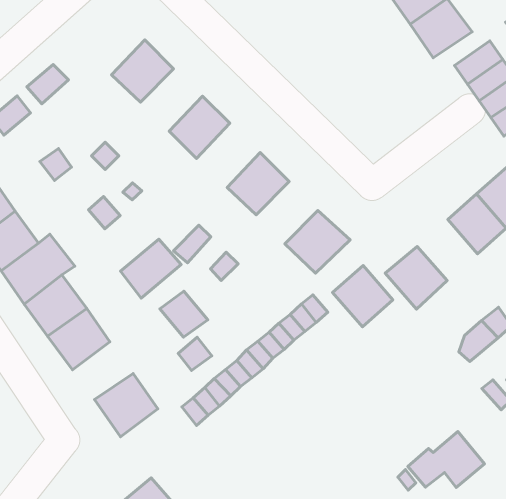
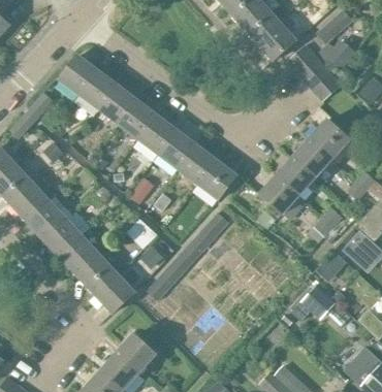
building: none -> [60,56,98,94]
building: none -> [100,86,137,124]
building: none -> [138,115,177,154]
building: none -> [179,145,216,184]
building: [121,239,181,298] -> none
building: [333,266,393,327] -> [279,157,316,194]
building: none -> [78,256,116,292]

